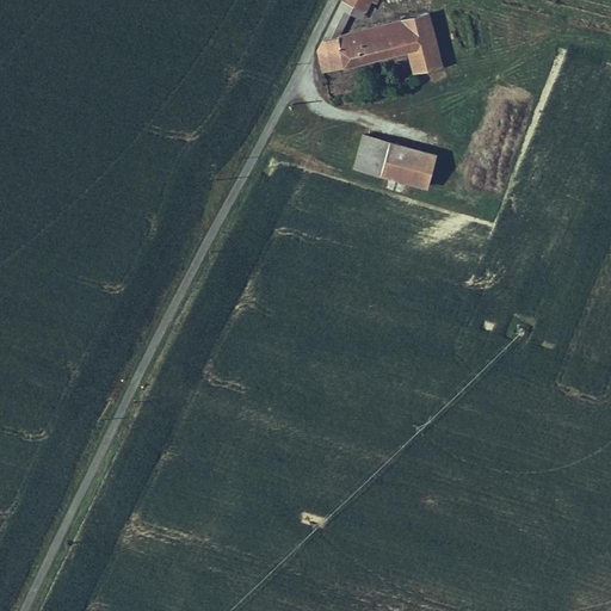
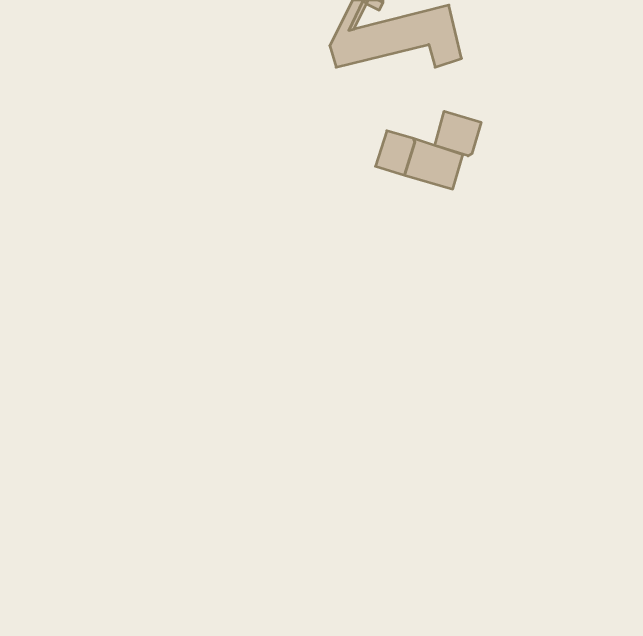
building: none -> [435,111,481,156]

